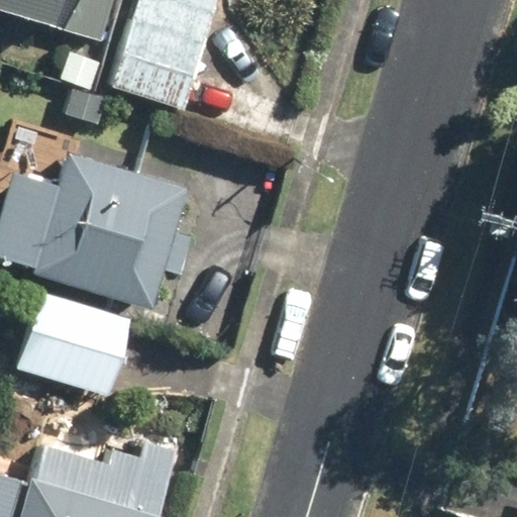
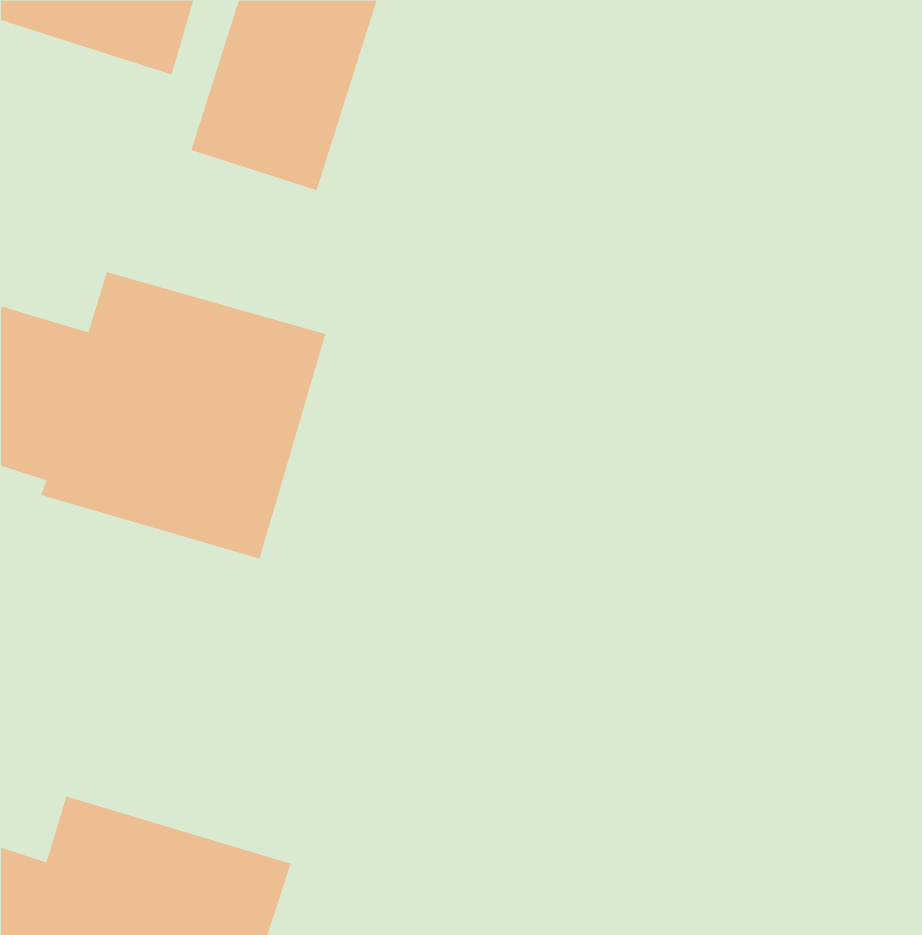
building: [17,294,130,395] -> none

